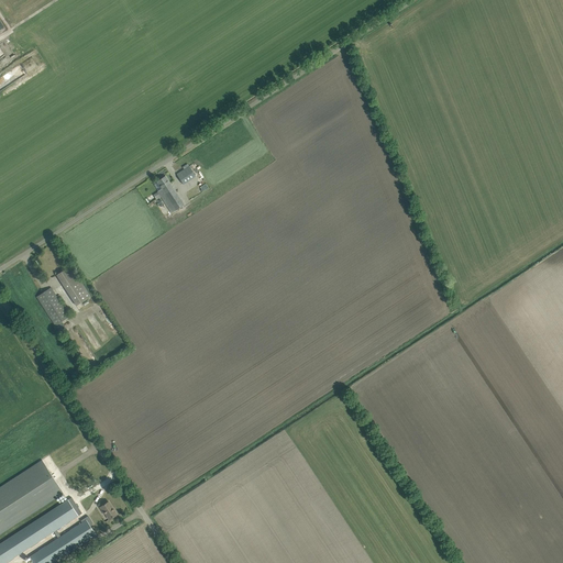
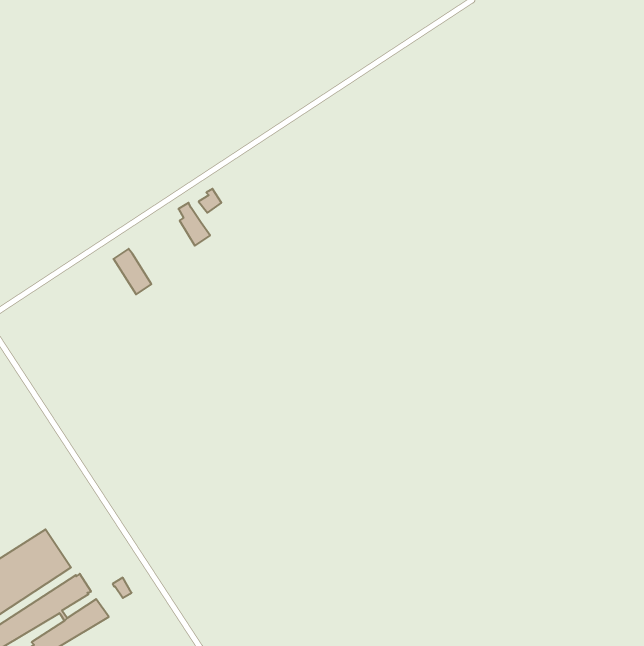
building: [55,267,88,307] -> [113,249,151,294]
building: [35,289,67,327] -> none

